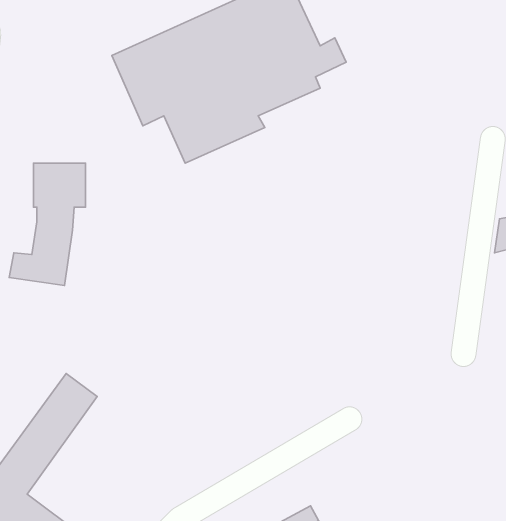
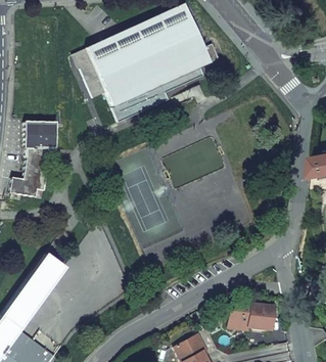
building: none -> [231,305,277,331]

